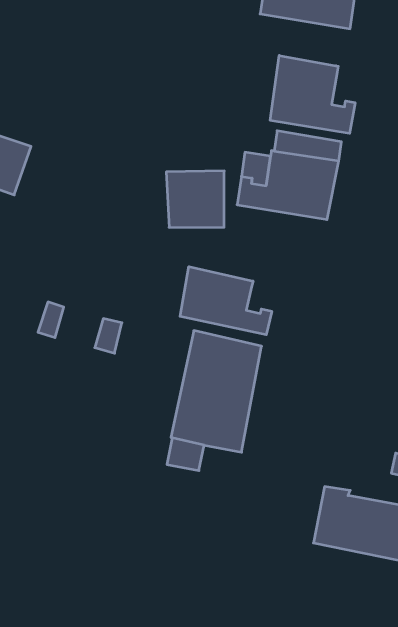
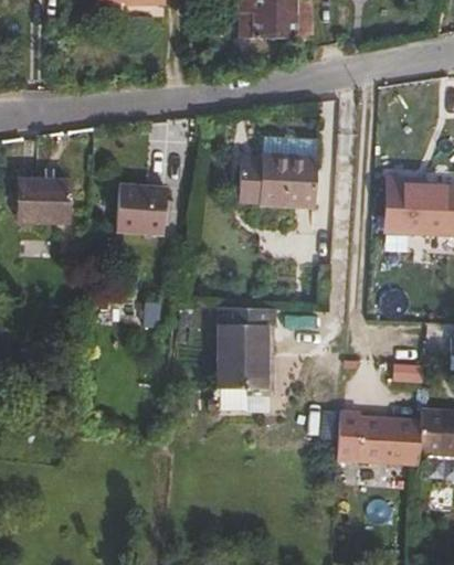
building: [270,55,355,133] -> none
building: [166,171,224,227] -> [115,185,168,237]
building: [180,267,272,335] -> none

